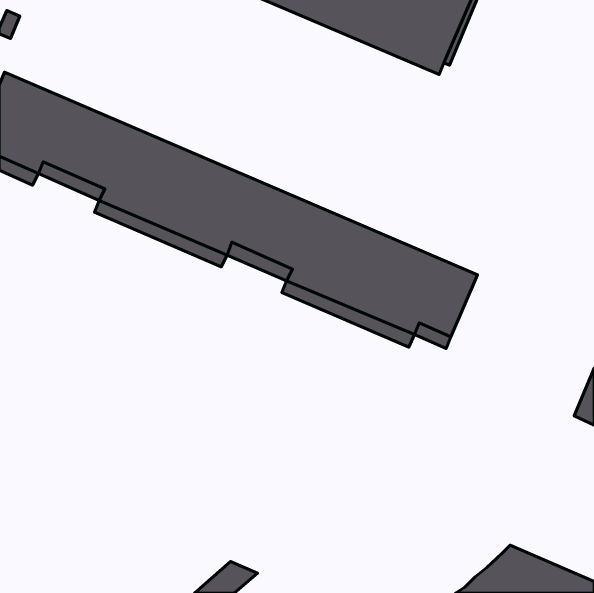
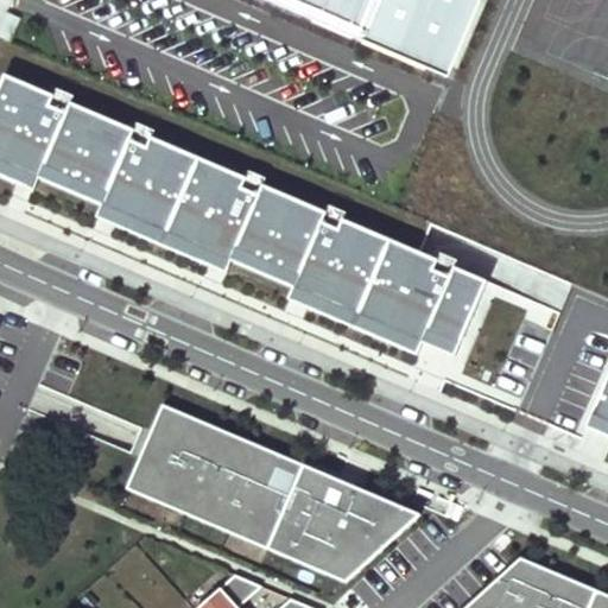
building: none -> [127,403,420,581]

